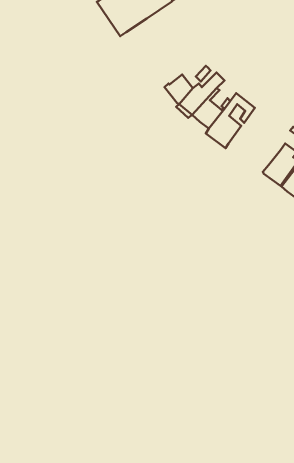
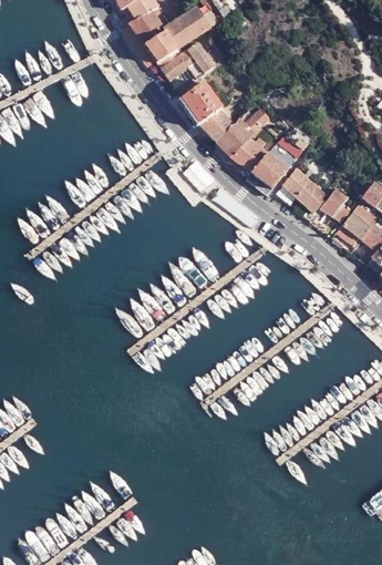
building: none -> [157,42,216,81]
building: none -> [183,80,226,124]
building: none -> [282,168,328,219]

